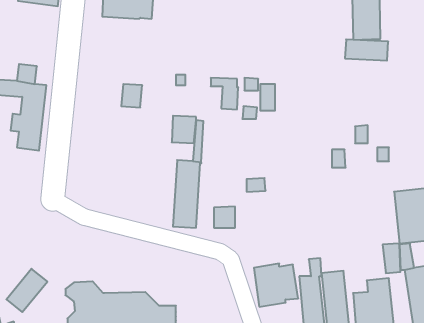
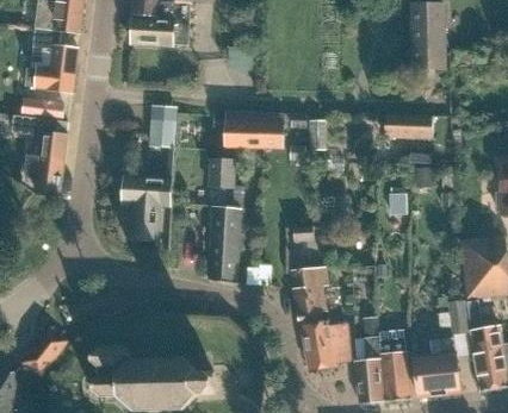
building: none -> [26,43,78,90]
building: [345,39,388,61] -> [384,115,433,139]
building: none -> [225,112,266,148]
building: none -> [122,176,173,242]
building: none -> [291,268,327,327]

